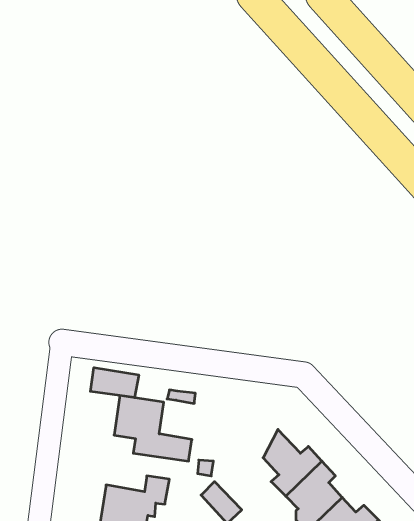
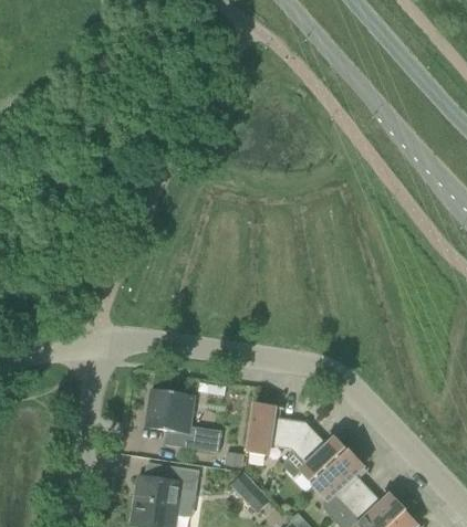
building: [90,368,139,398] -> none
building: none -> [247,403,305,455]

